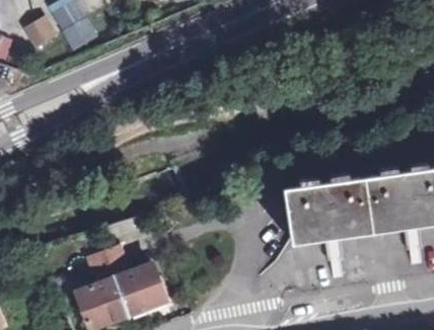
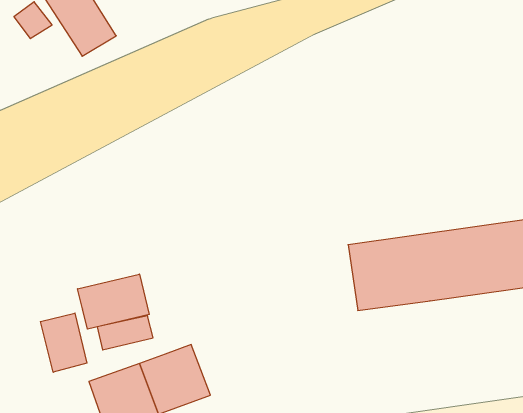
building: none -> [78,274,149,329]
building: none -> [40,313,87,372]

